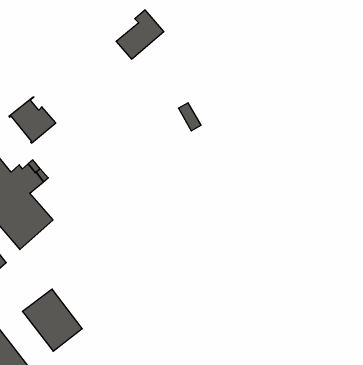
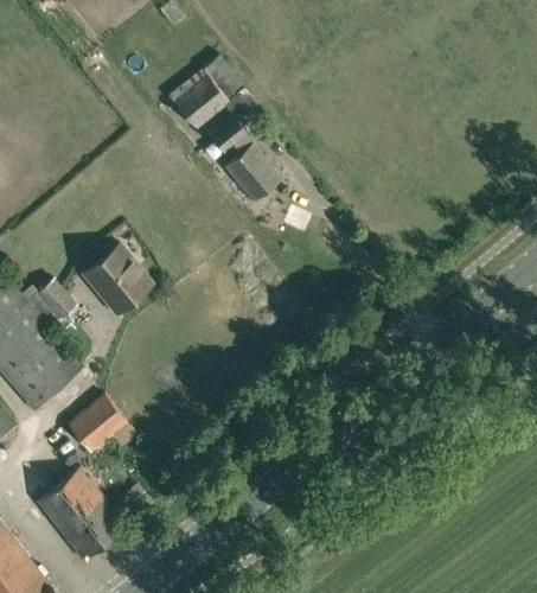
building: none -> [209,115,279,199]
building: [9,97,56,143] -> [83,246,152,313]
building: none -> [66,394,126,452]

